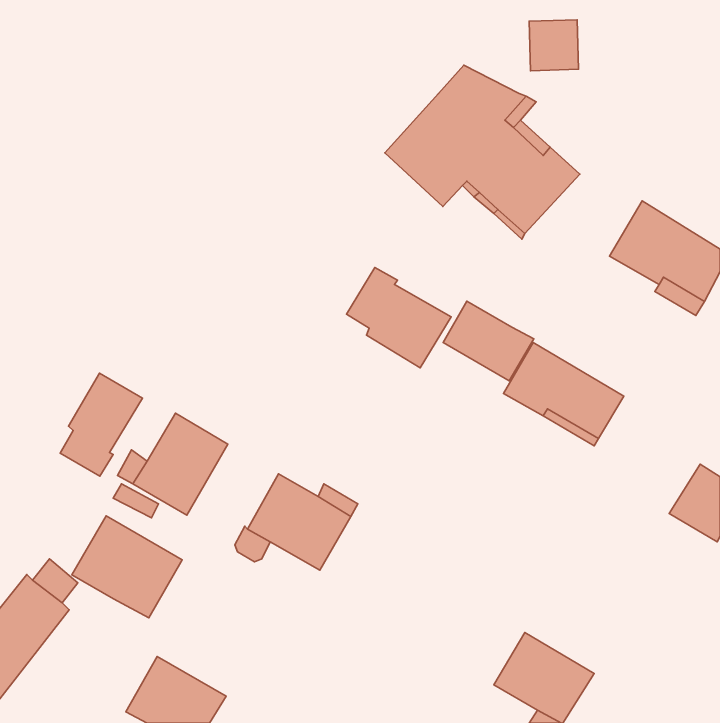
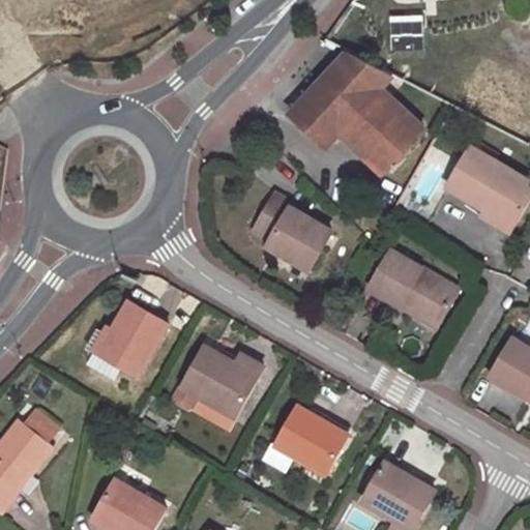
building: [443,301,534,381] -> none
building: [60,373,143,476] -> none
building: [72,516,182,618] -> none
building: none -> [275,407,346,473]

